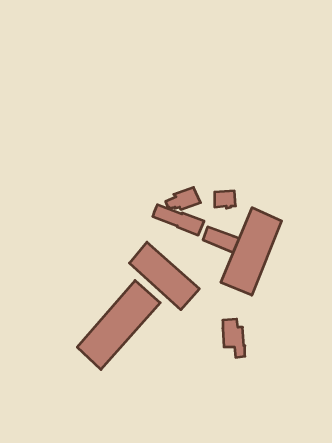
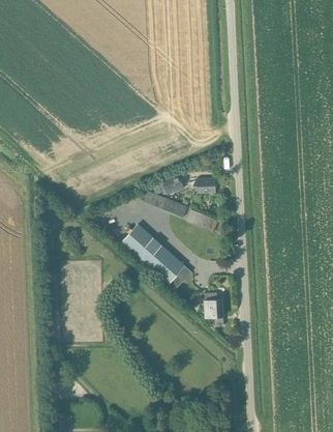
building: [221,208,282,295] -> none
building: [77,280,160,370] -> none

